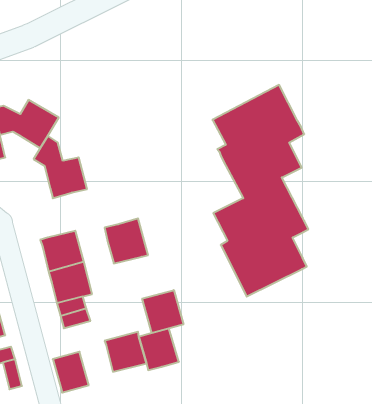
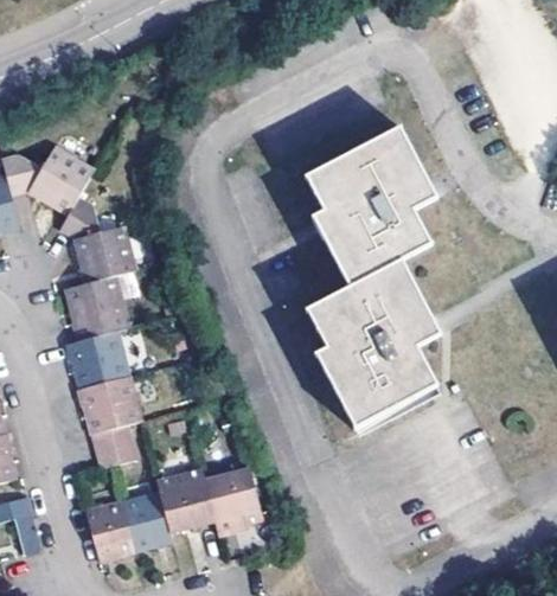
building: [105,218,148,263] -> [63,276,124,340]
building: [142,290,183,333] -> none
building: none -> [121,493,171,550]

